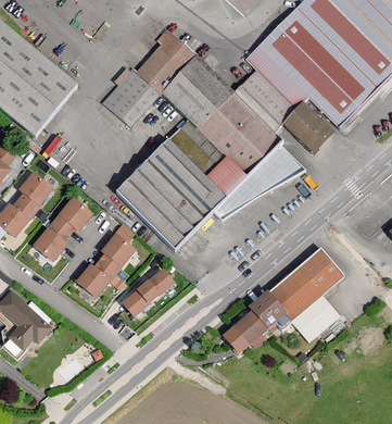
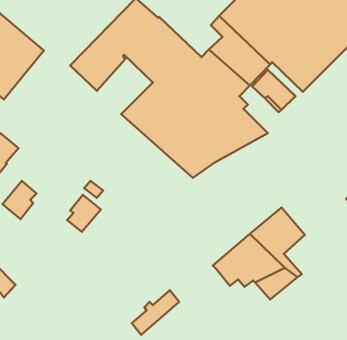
building: [115,151,229,252] -> none
building: [53,197,90,233] -> none
building: [78,260,115,296] -> none
building: [123,267,172,313] -> [132,290,179,335]
building: [233,310,267,345] -> none

